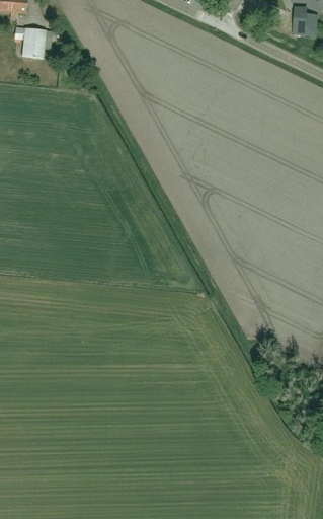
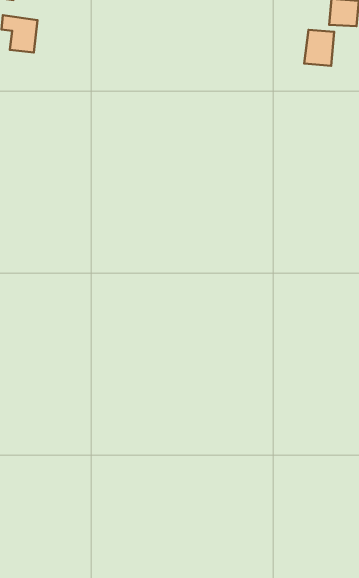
building: none -> [304,30,334,66]

